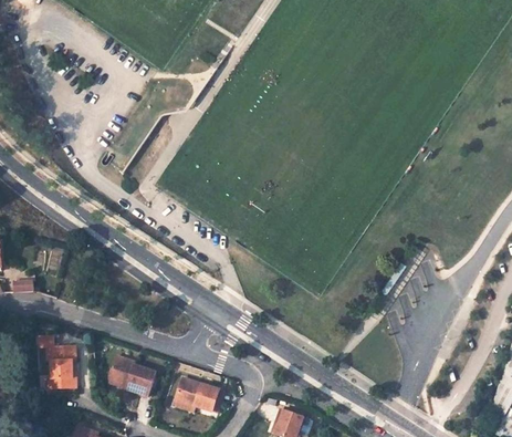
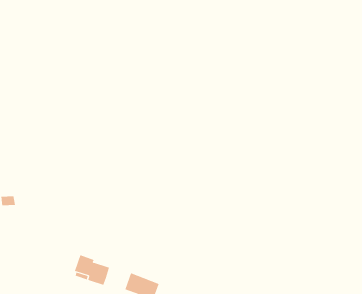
building: [46,345,76,387] -> none

